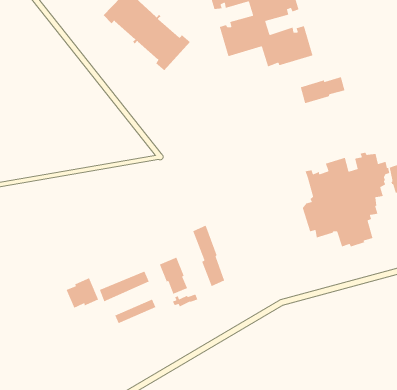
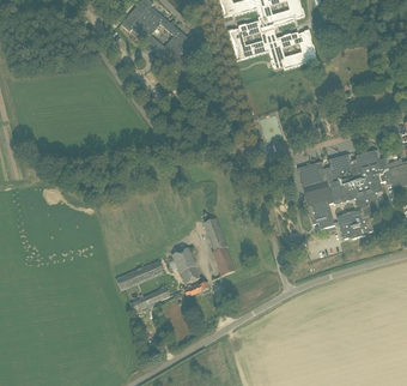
building: [300,76,346,104] -> none
building: [66,277,99,309] -> none

